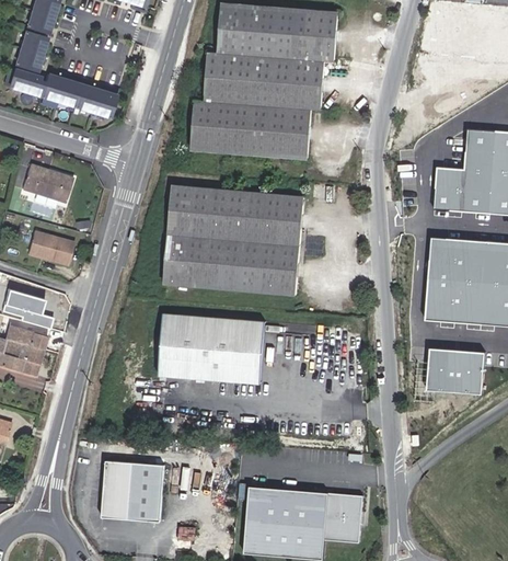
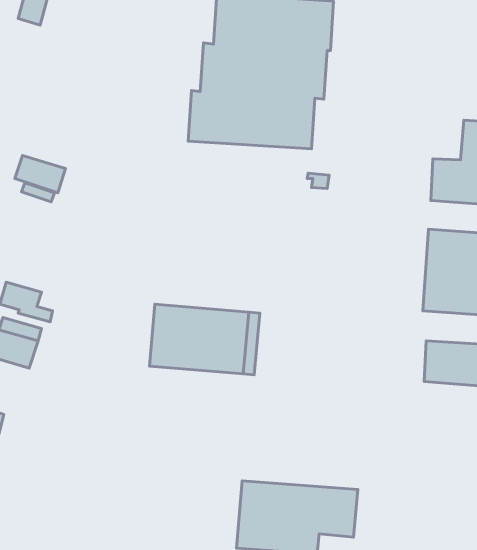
building: [14,33,45,72] -> none
building: [12,72,114,116] -> none
building: [163,184,303,294] -> none
building: [26,232,74,268] -> none
building: [100,460,163,522] -> none

